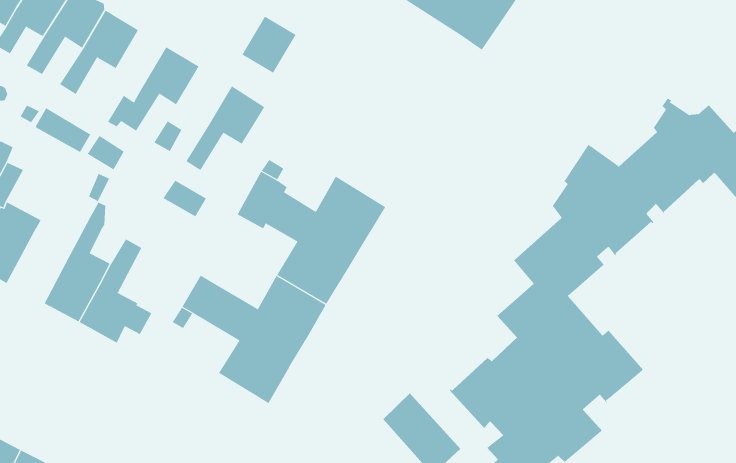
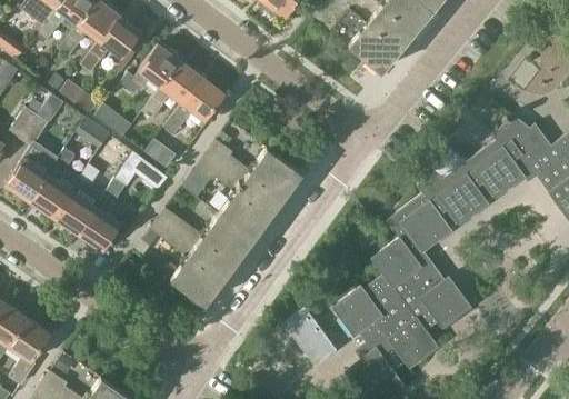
building: [242,16,296,73] -> [162,62,202,103]
building: none -> [117,152,169,190]
building: none -> [30,149,79,218]

